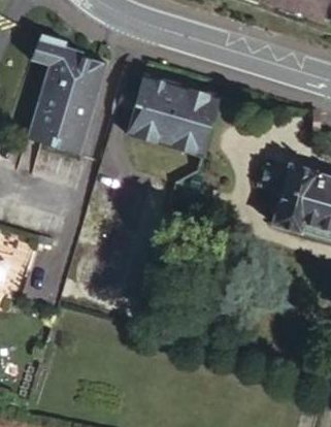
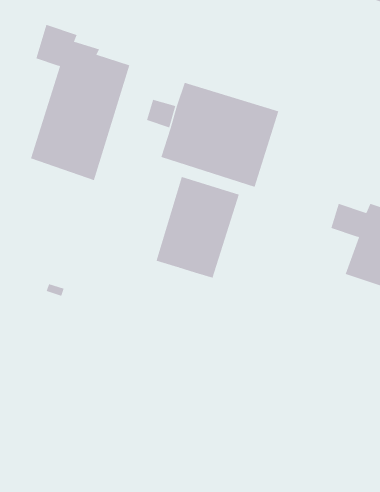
building: none -> [156,176,240,278]

